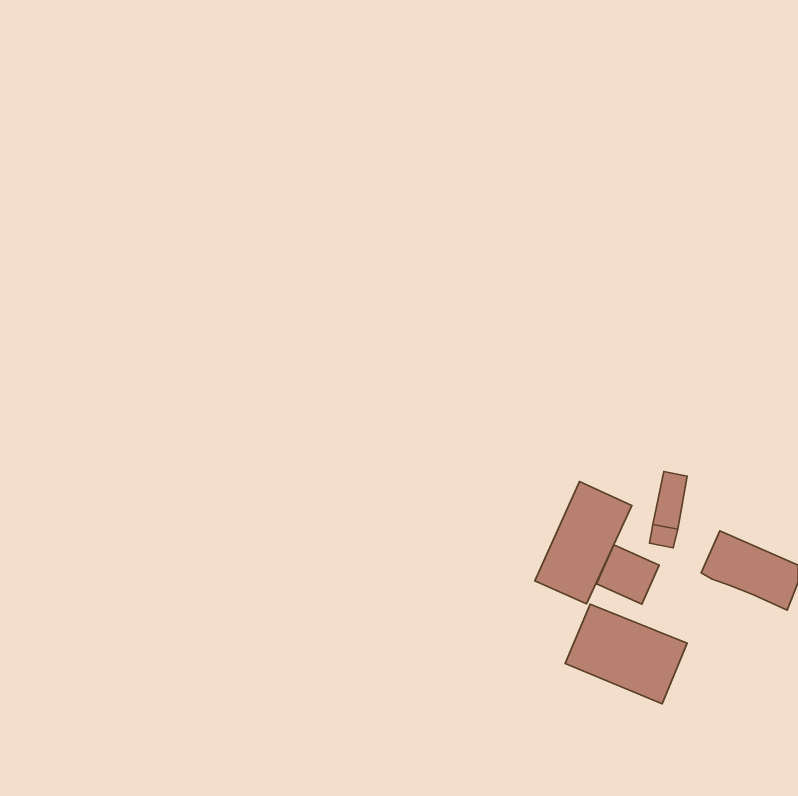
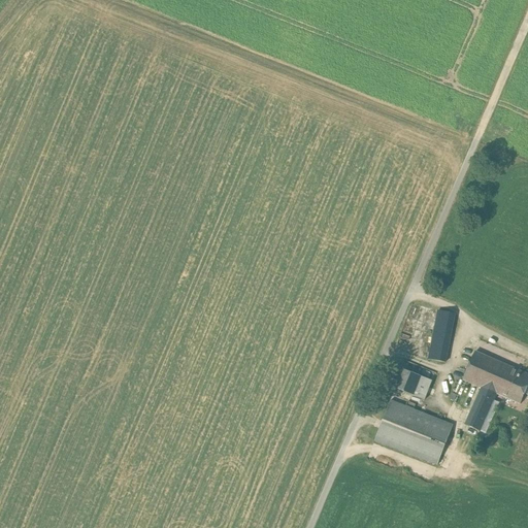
building: [535,481,632,604] -> none
building: none -> [465,387,497,430]

